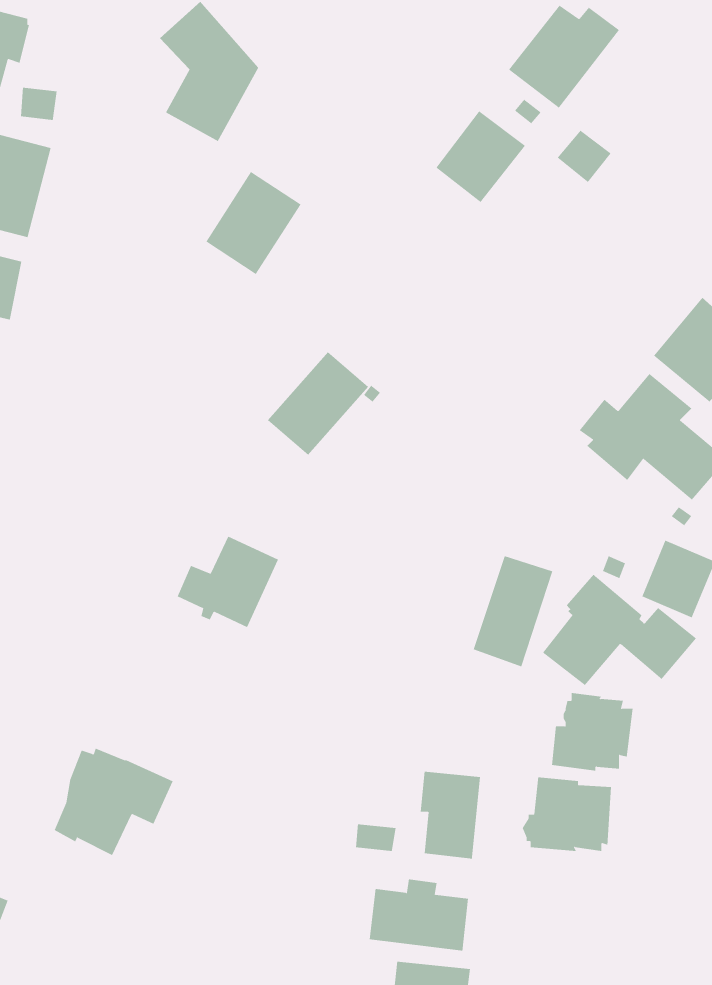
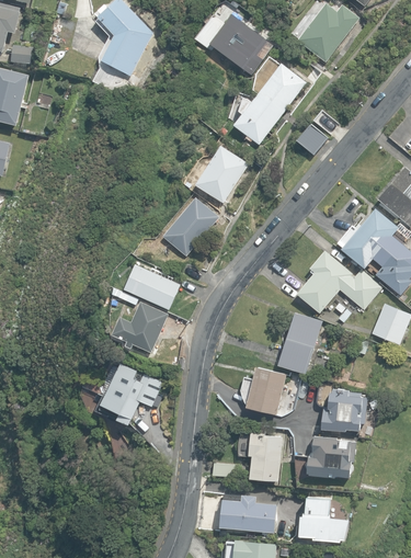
building: none -> [206,12,271,73]
building: [557,130,612,183] -> [295,124,326,153]
building: none -> [233,94,281,145]
building: [205,171,301,275] -> [194,145,248,203]
building: none -> [122,264,180,309]
building: [542,574,697,686] -> [295,250,381,312]
building: none -> [244,366,285,414]
building: [54,748,173,856] -> [95,364,162,424]
building: none -> [296,494,346,539]

